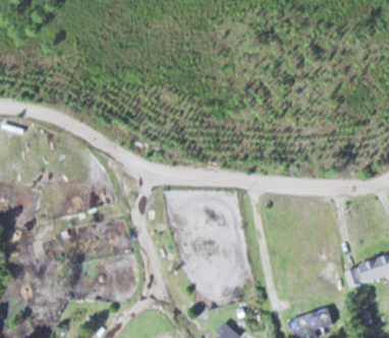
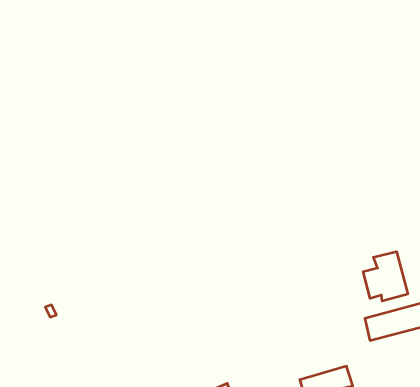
building: none -> [363,252,408,301]

